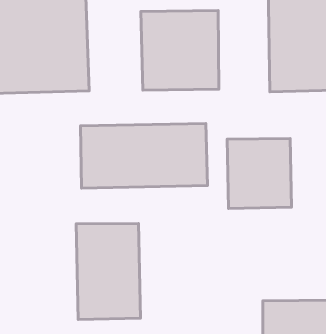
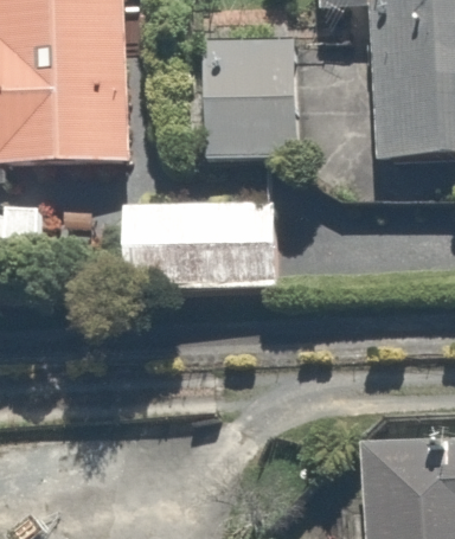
building: [227,139,292,209] -> none
building: [76,223,141,319] -> none

